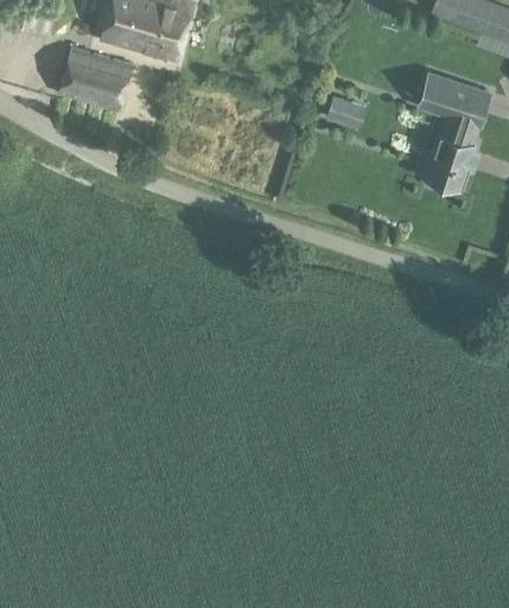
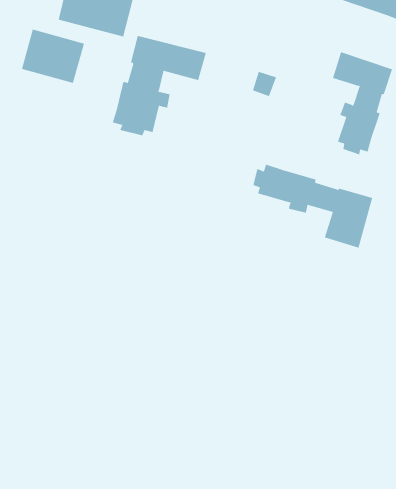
building: none -> [112,35,206,136]
building: none -> [253,164,373,249]

